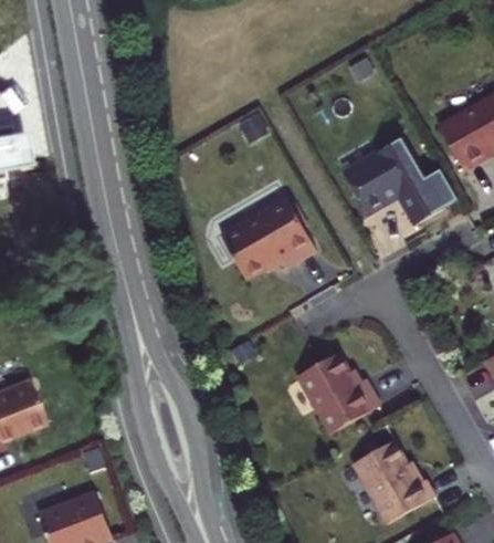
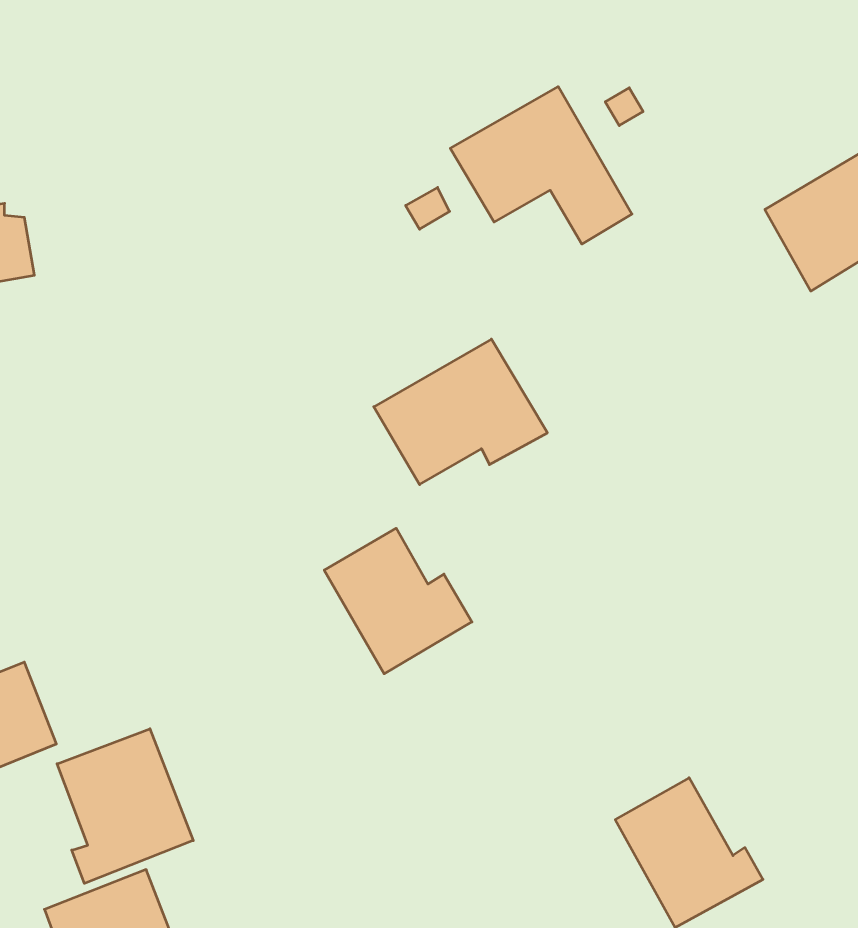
building: [341,137,442,224] -> [450,87,632,244]
building: [299,354,381,435] -> [324,528,472,674]
building: none -> [57,729,193,883]

